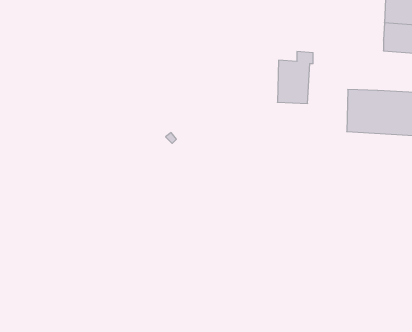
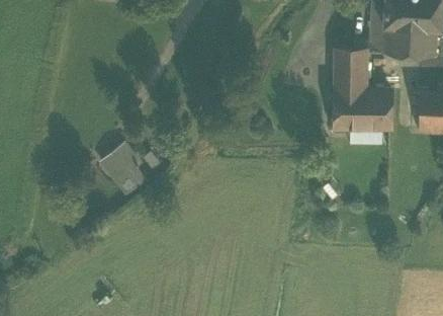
building: [277,52,313,103] -> [336,40,369,88]
building: none -> [104,145,144,187]

